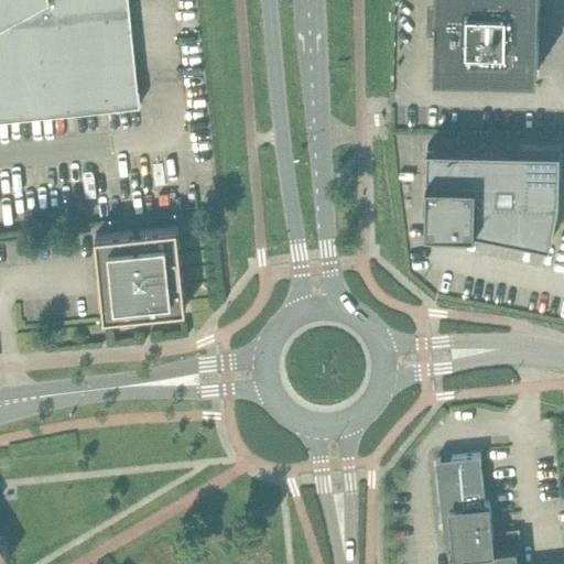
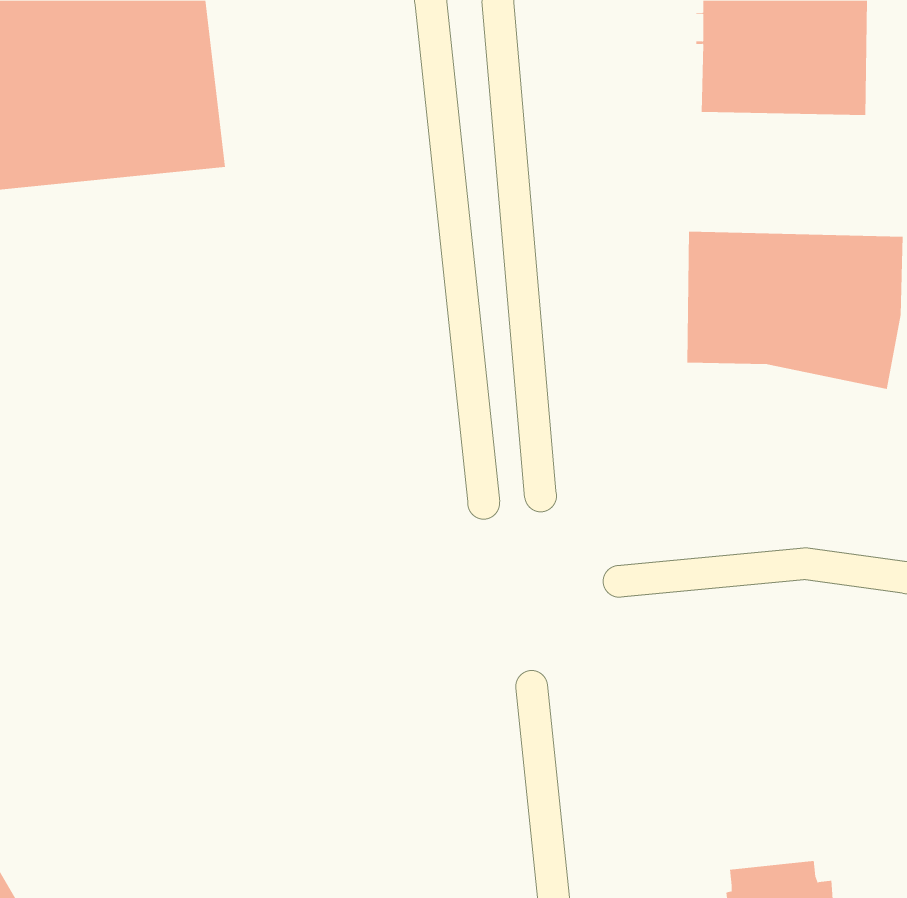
building: [95,231,185,321] -> none
building: [435,458,492,546] -> none

